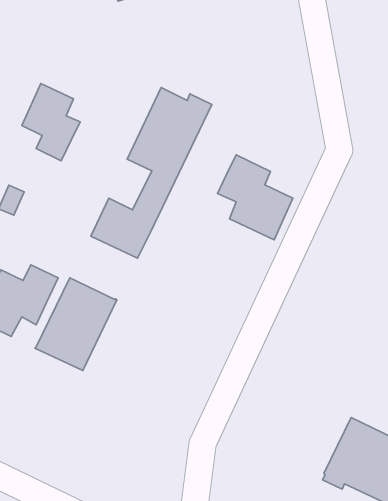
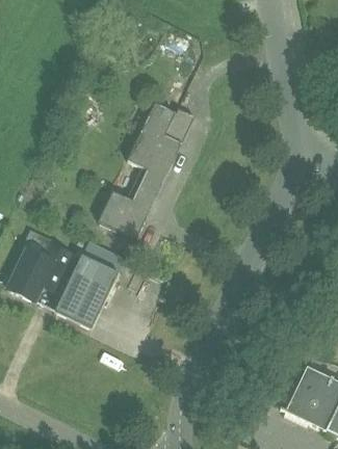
building: [22,83,80,161] -> none
building: [217,155,293,240] -> none

